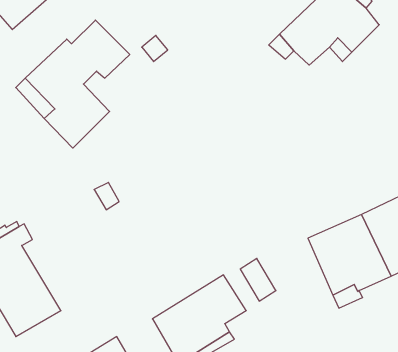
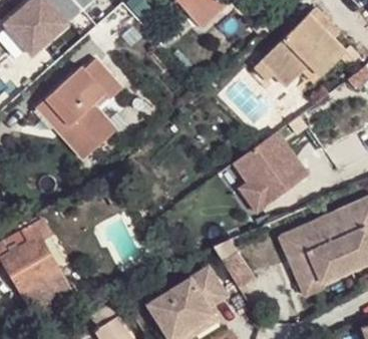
building: none -> [232,130,306,212]

